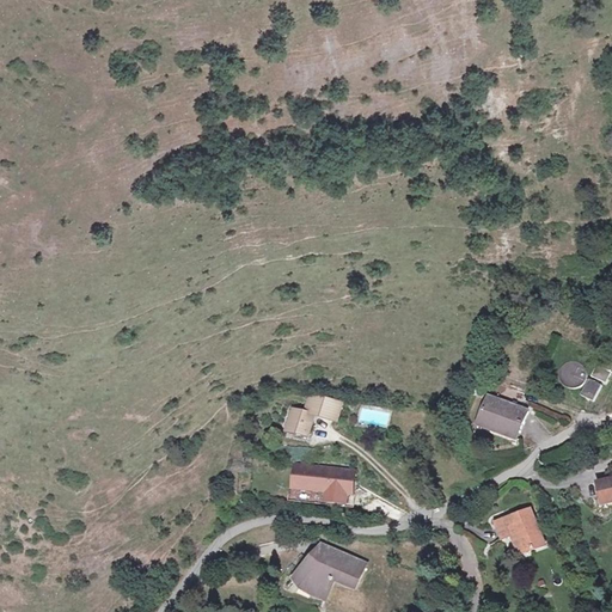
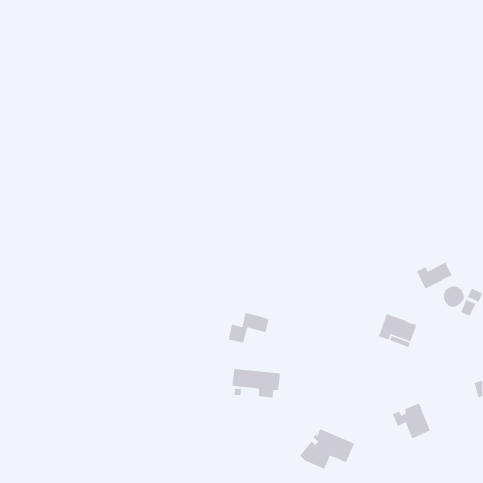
building: none -> [416,261,453,290]
building: [293,543,363,595] -> [299,428,355,470]

